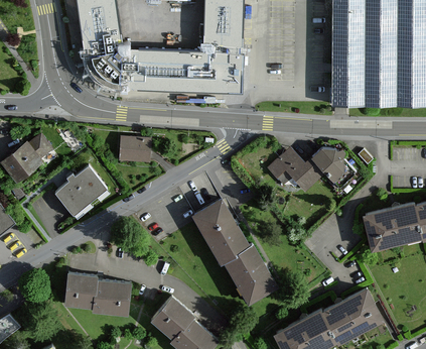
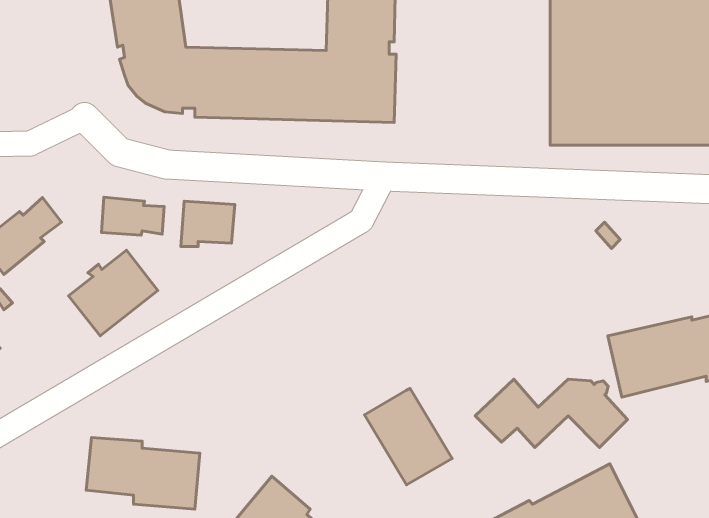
building: none -> [102,197,164,235]
building: [268,149,356,189] -> [475,379,628,447]
building: [193,200,249,263] -> none

